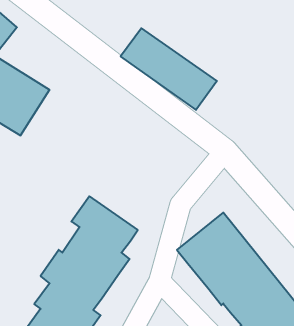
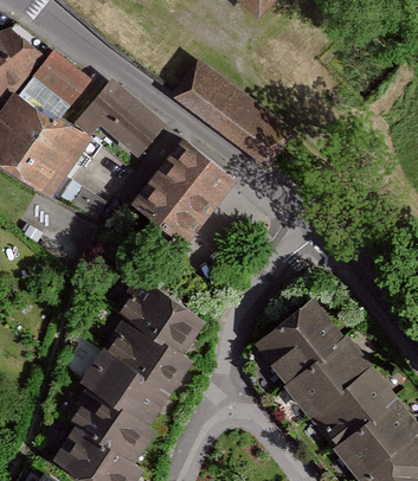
building: none -> [36,50,92,105]
building: none -> [79,82,166,155]
building: none -> [134,141,237,248]

